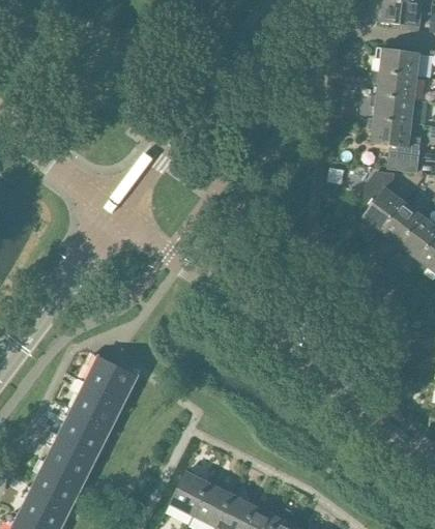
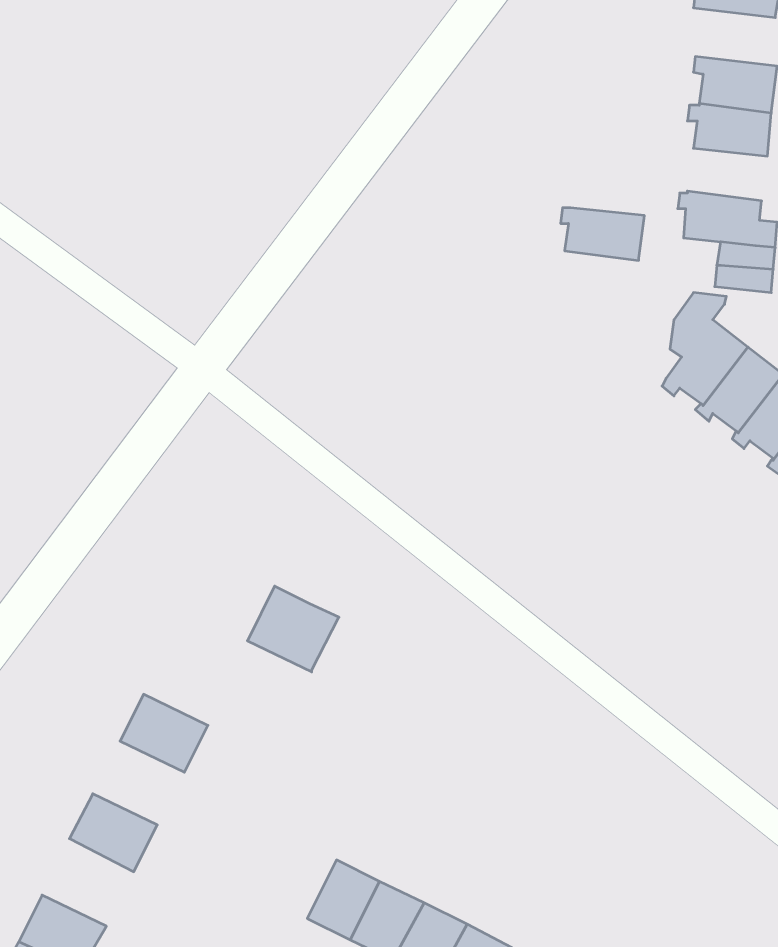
building: [372,95,416,123] -> [561,208,644,260]
building: [85,356,134,402] -> [247,586,339,672]
building: [58,410,107,454] -> none
building: [31,462,80,508] -> none

